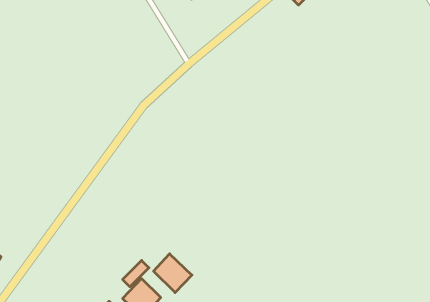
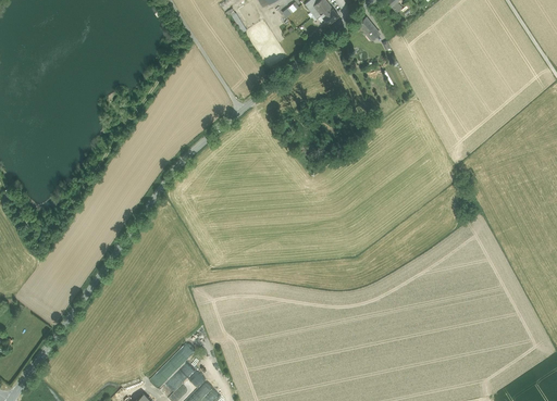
building: [154,254,192,293] -> none

